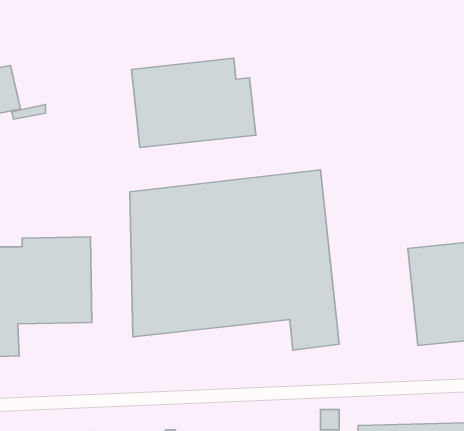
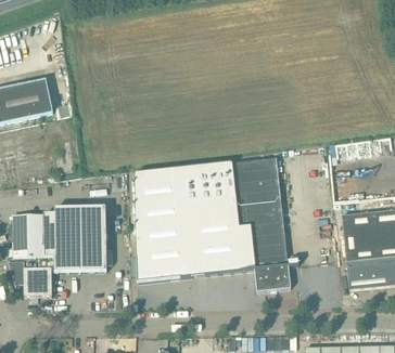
building: [132,58,256,148] -> none

